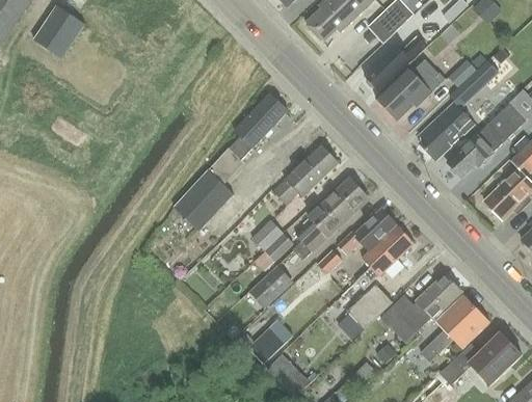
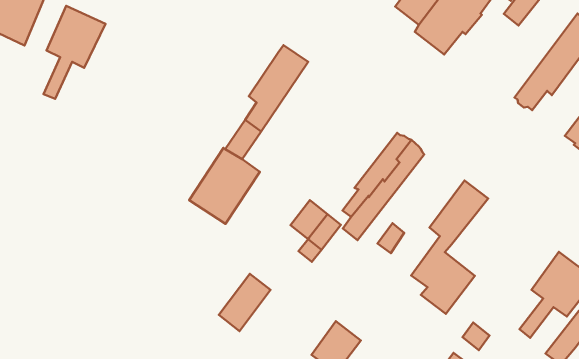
building: none -> [43,6,105,99]
building: [420,103,474,160] -> none
building: [274,144,338,202] -> none
building: [338,209,396,251] -> none
building: [249,264,294,309] -> [219,274,271,331]
building: [380,274,460,332] -> none

